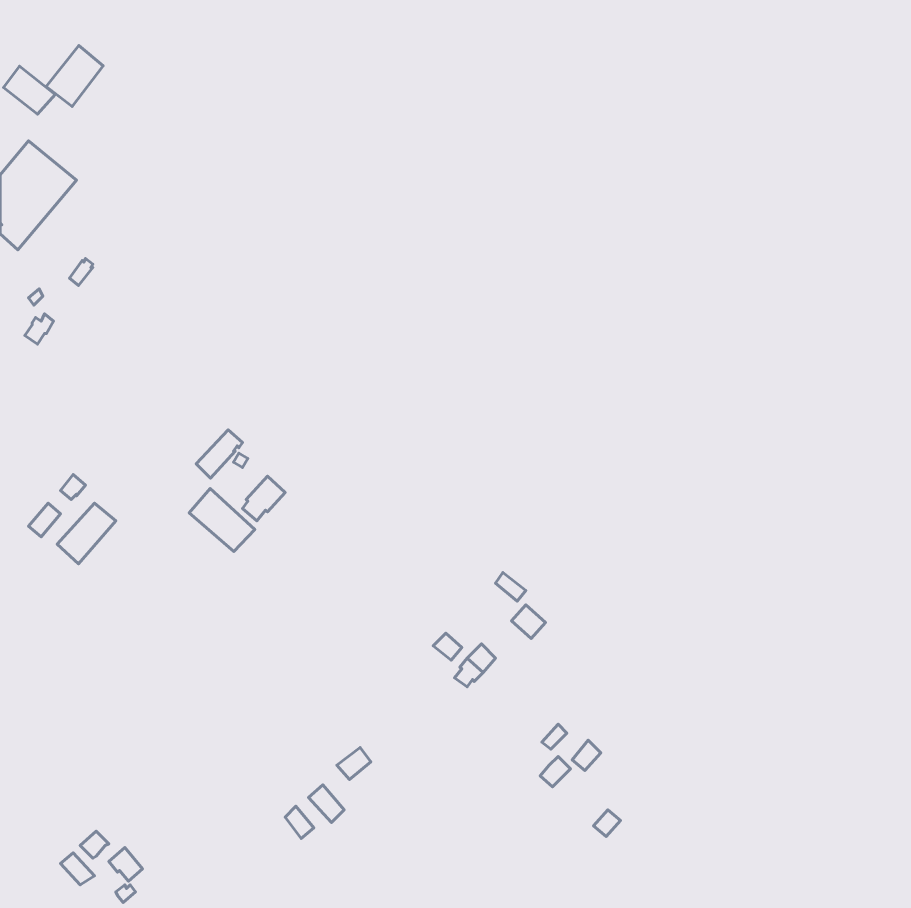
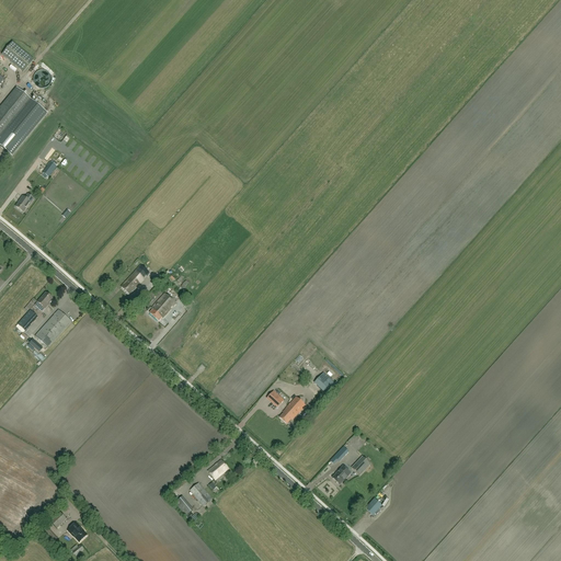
building: [46,46,103,107] -> none
building: [189,489,255,552] -> none

